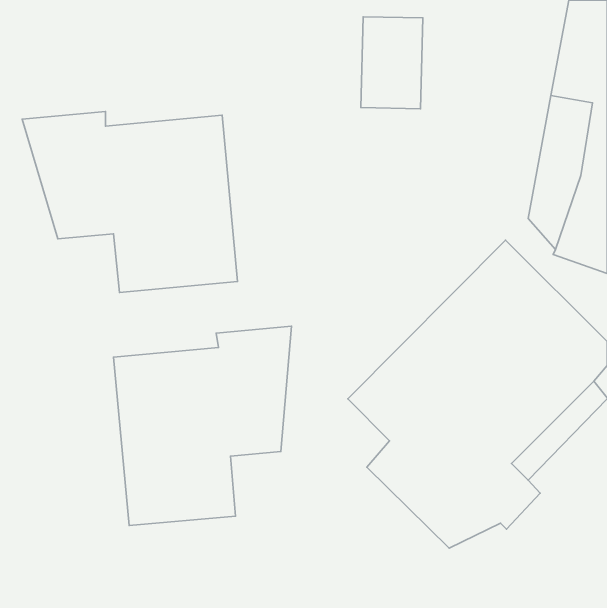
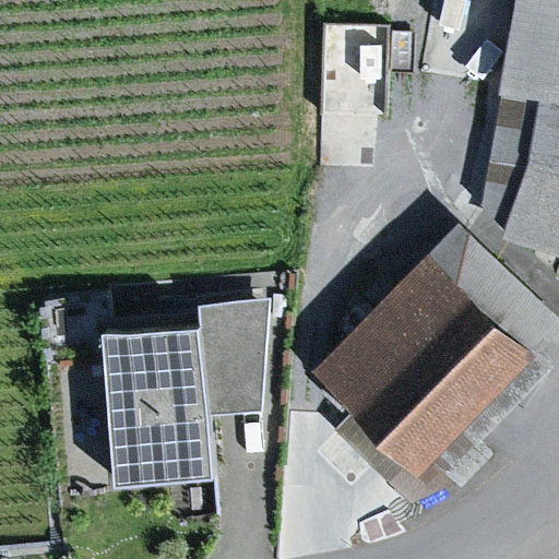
building: [22,112,237,293] -> none

